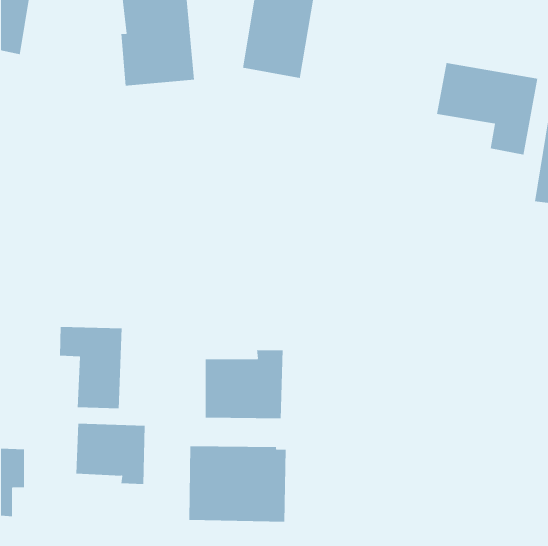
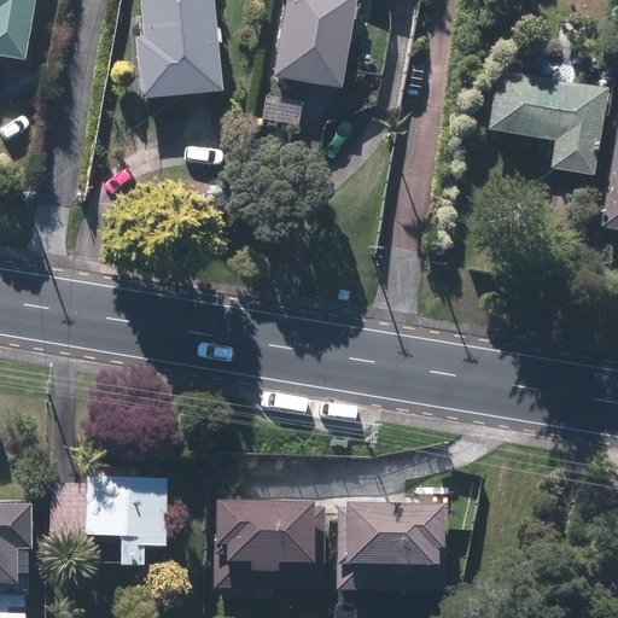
building: [59,326,122,409] -> none
building: [205,349,283,419] -> none
building: none -> [337,502,447,589]

